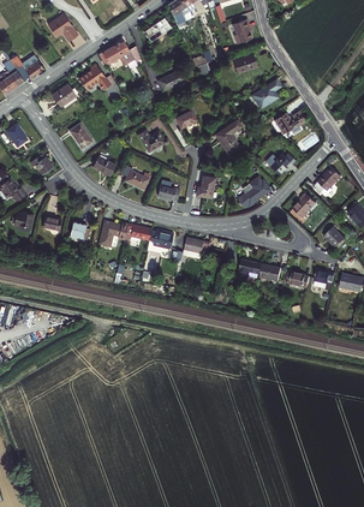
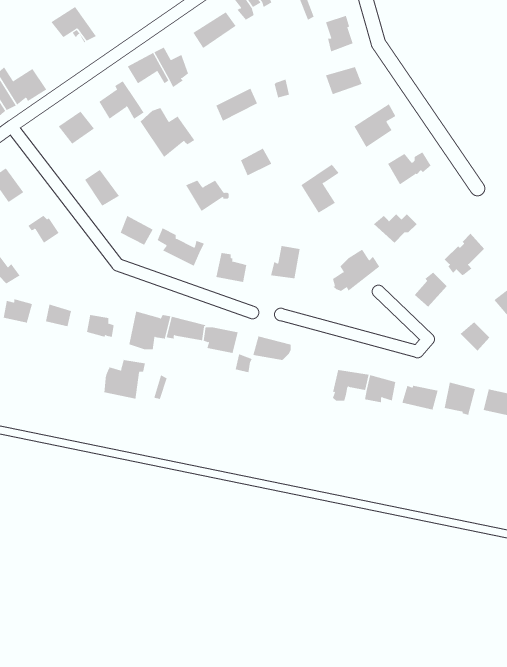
building: none -> [140,107,195,158]
building: none -> [104,359,145,399]

